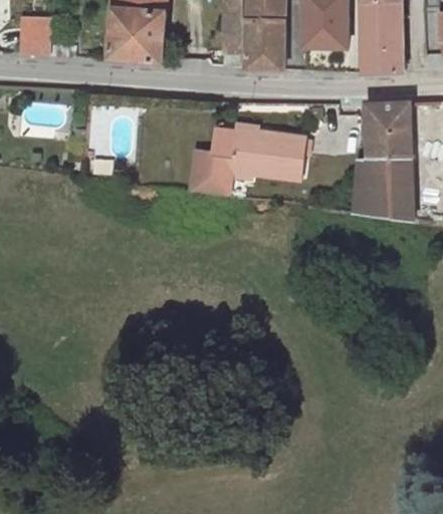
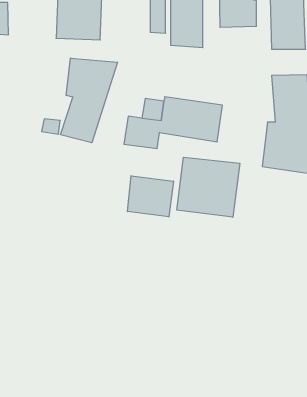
building: none -> [61,58,118,143]
building: none -> [177,157,240,217]
building: none -> [127,176,174,217]

